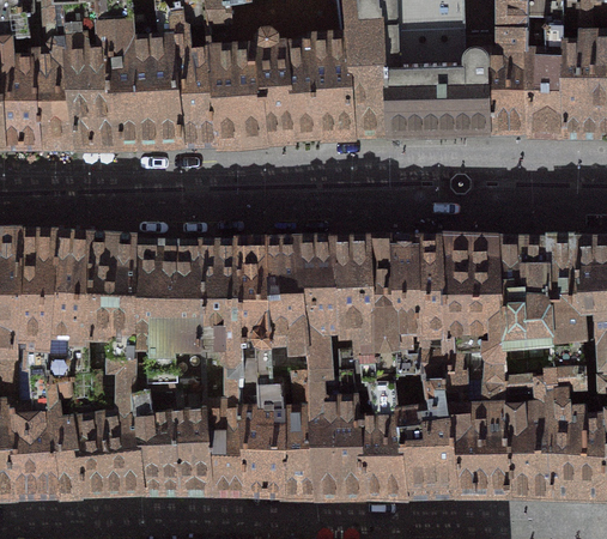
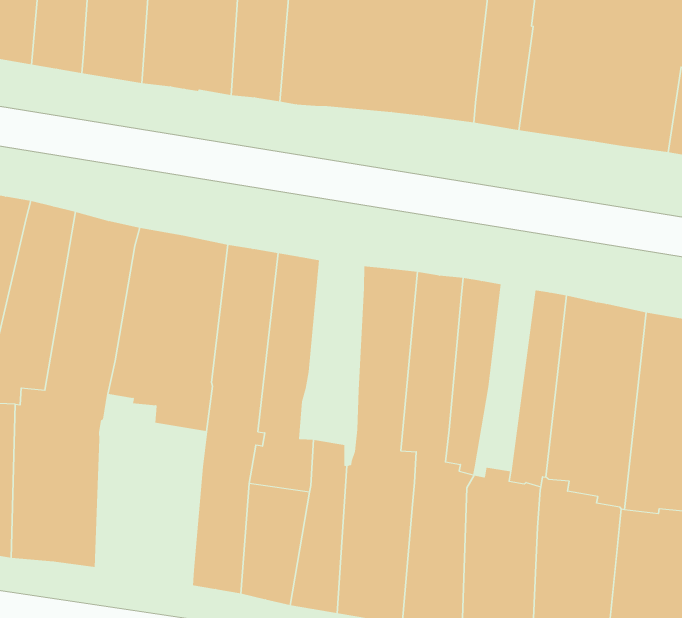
building: [393,242,421,378] -> none
building: [263,246,310,387] -> none
building: [130,365,213,489] -> none

